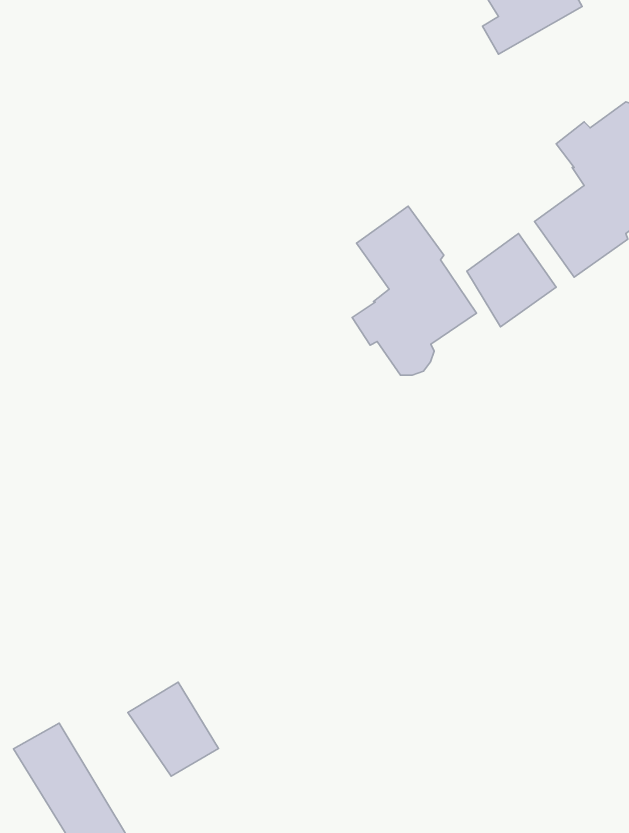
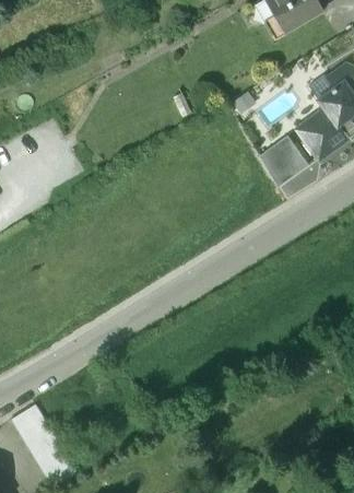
building: [352,206,477,375] -> none
building: [128,682,219,776] -> none

